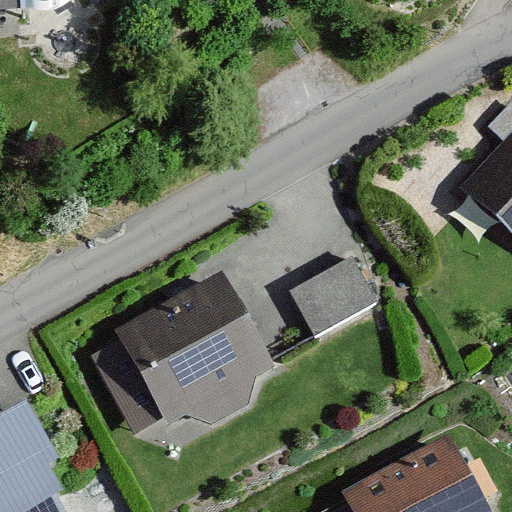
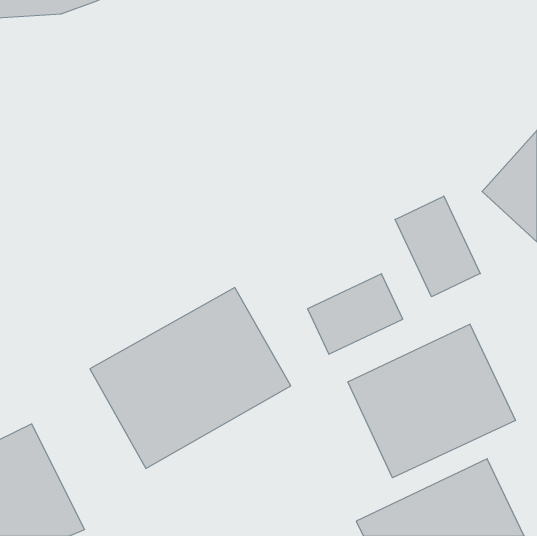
building: none -> [395,196,480,297]
building: none -> [348,324,515,478]

